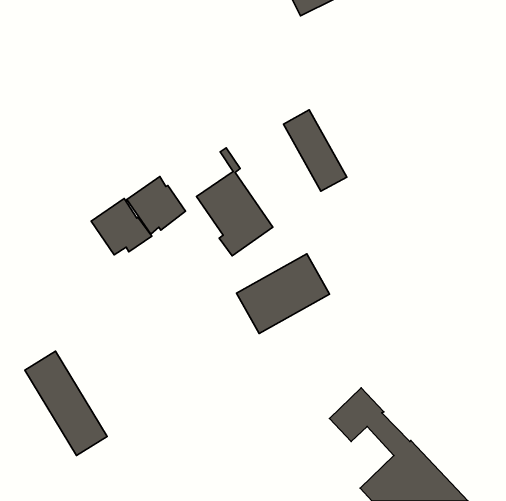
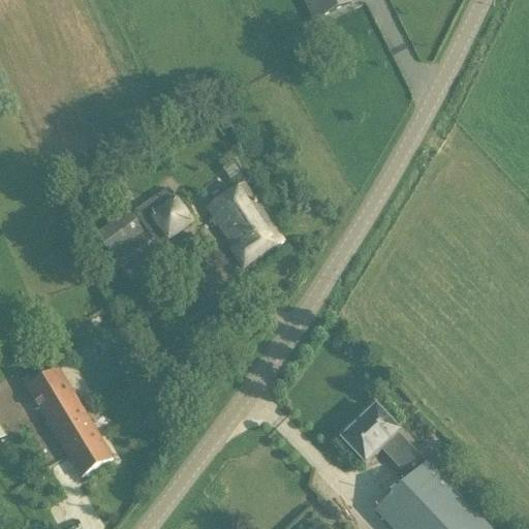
building: [283,110,347,191] -> none
building: [237,254,329,334] -> none

